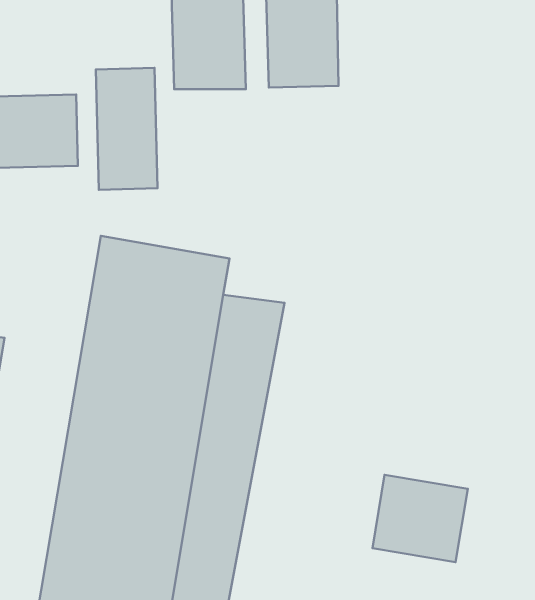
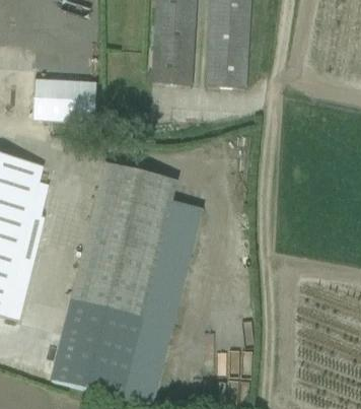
building: [96,68,157,190] -> none
building: [372,475,468,562] -> none

